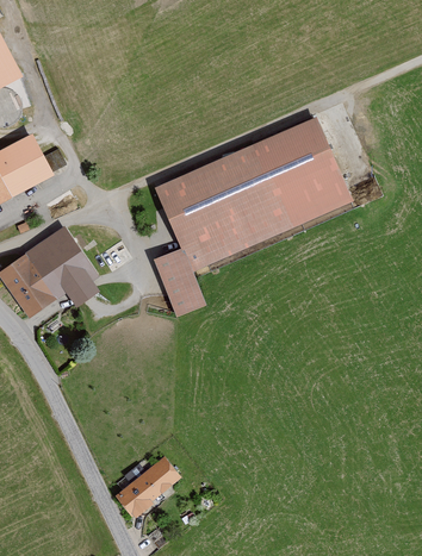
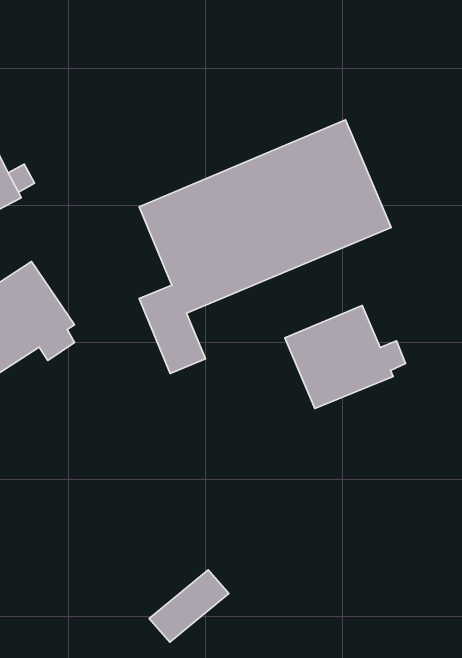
building: none -> [285,305,406,409]
building: [117,457,181,516] -> [149,570,229,642]

